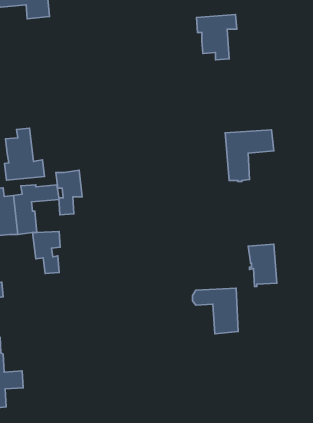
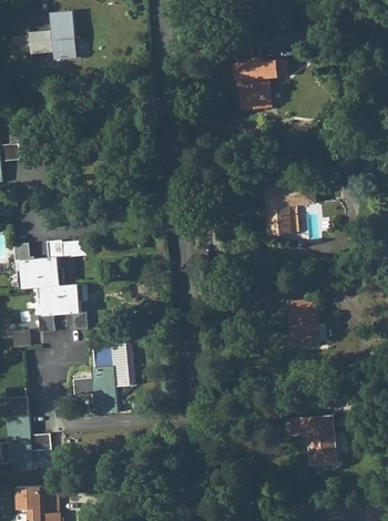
building: [5,128,44,180] -> none
building: [56,170,82,215] -> [38,289,65,336]
building: none -> [76,346,136,417]
building: [193,288,238,334] -> [287,417,335,464]

